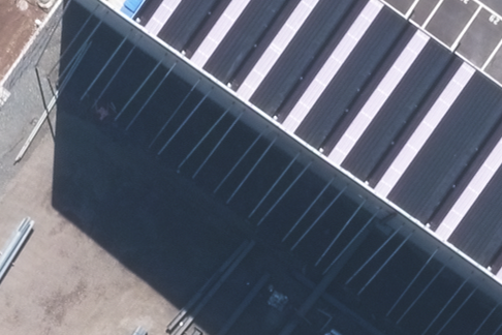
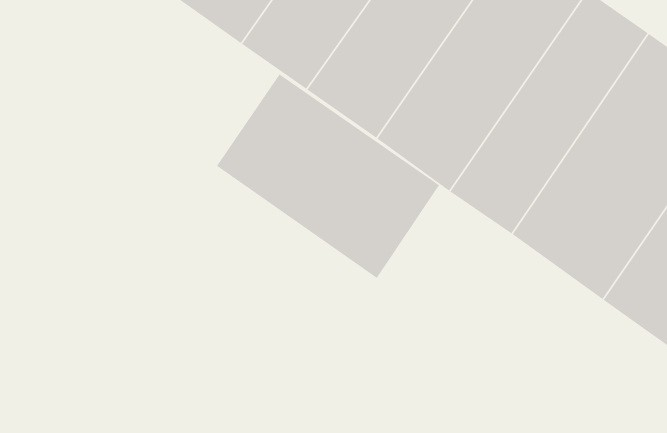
building: none -> [216,74,440,279]

